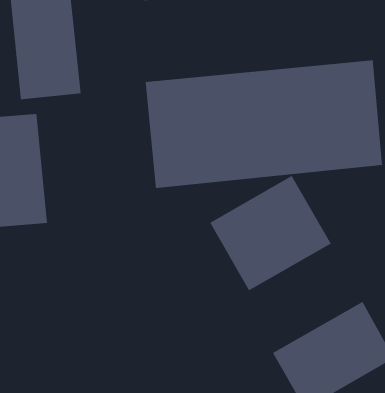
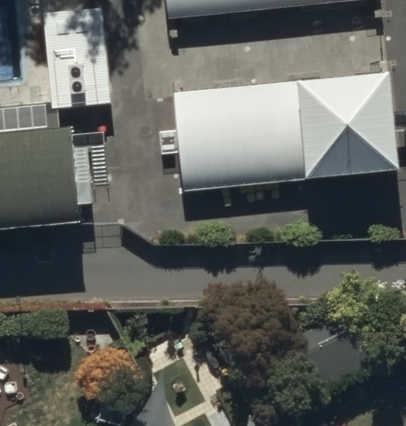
building: [209,175,331,291] -> none

